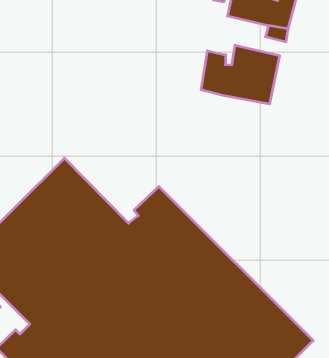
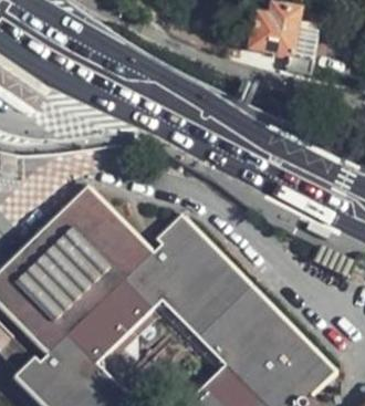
building: [201,45,280,104] -> none

